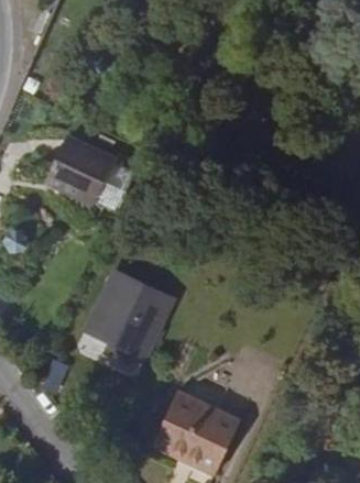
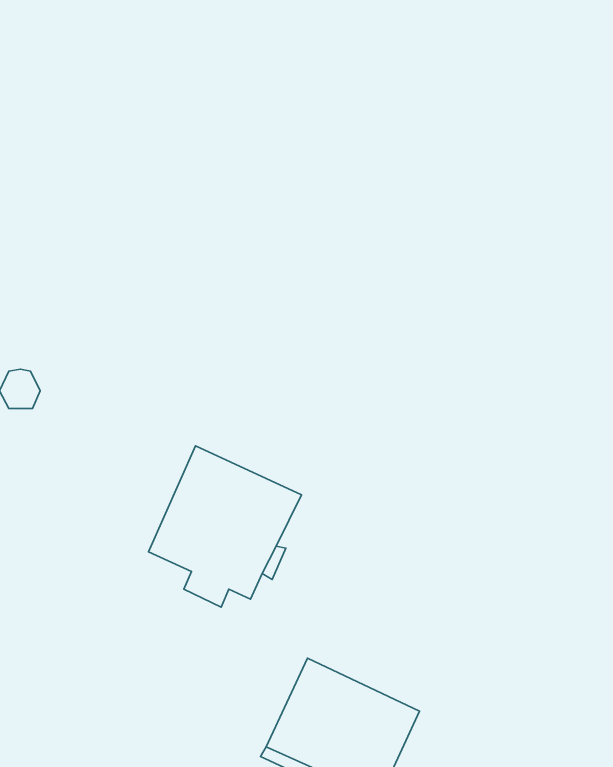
building: [46,135,135,211] -> none

